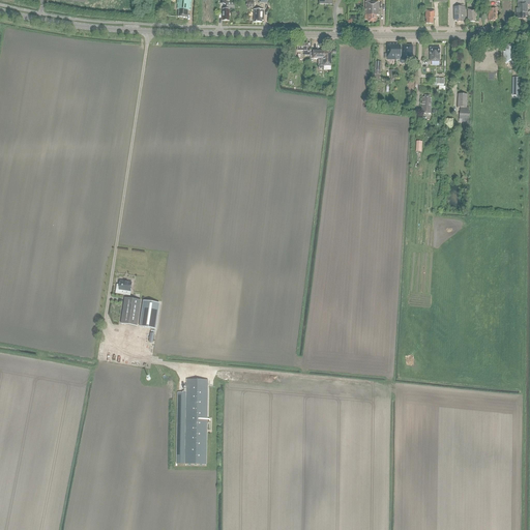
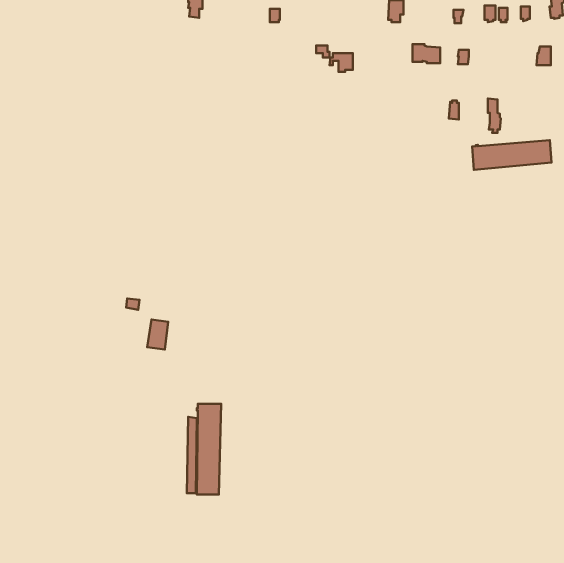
building: none -> [472,140,551,170]
building: [119,296,139,324] -> none

